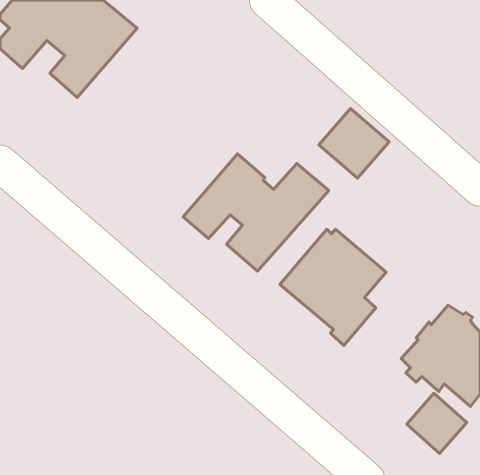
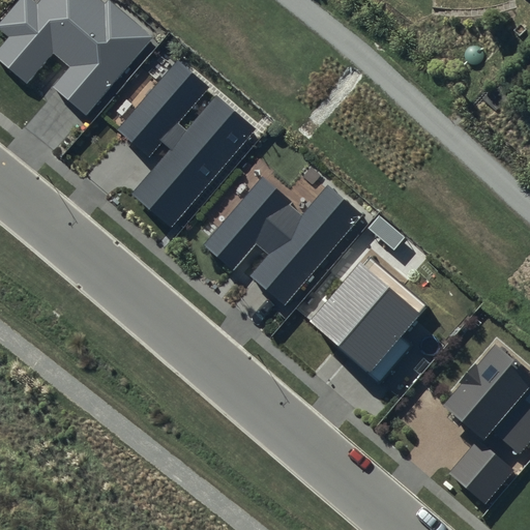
building: none -> [118,61,255,227]
building: [319,108,389,178] -> none

